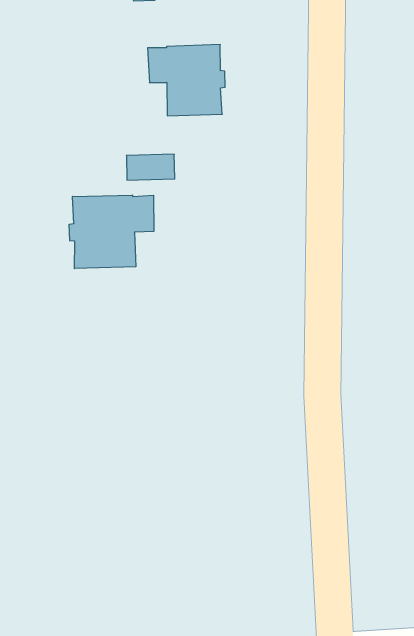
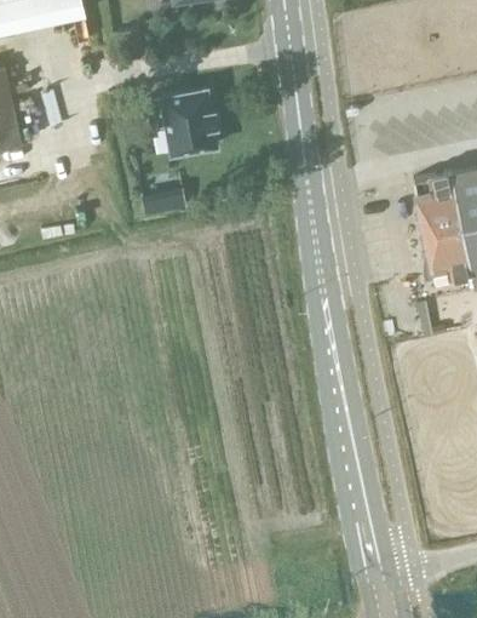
building: [69,195,154,269] -> none

